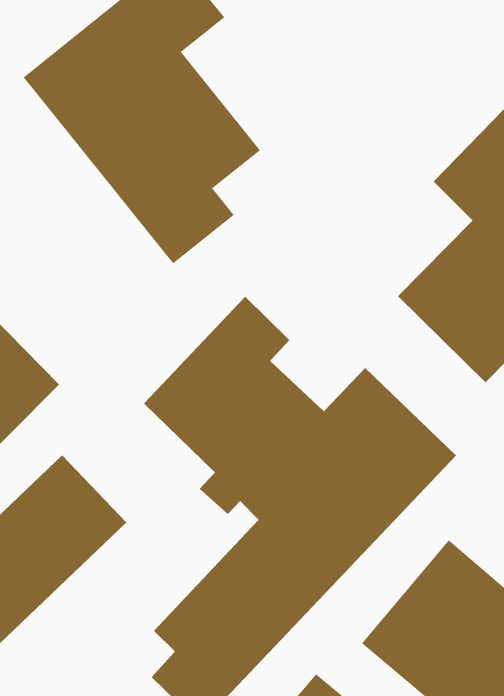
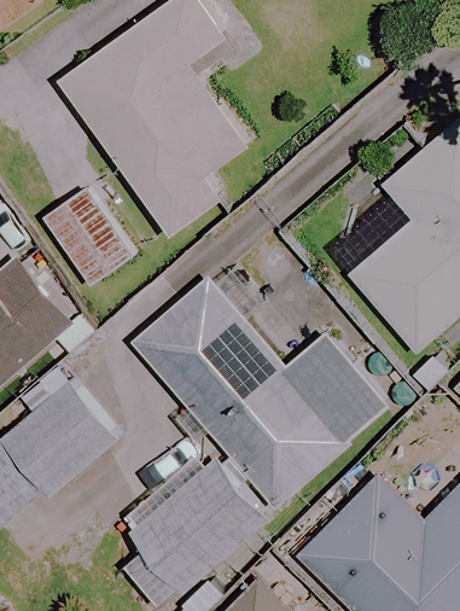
building: none -> [37,182,133,286]

